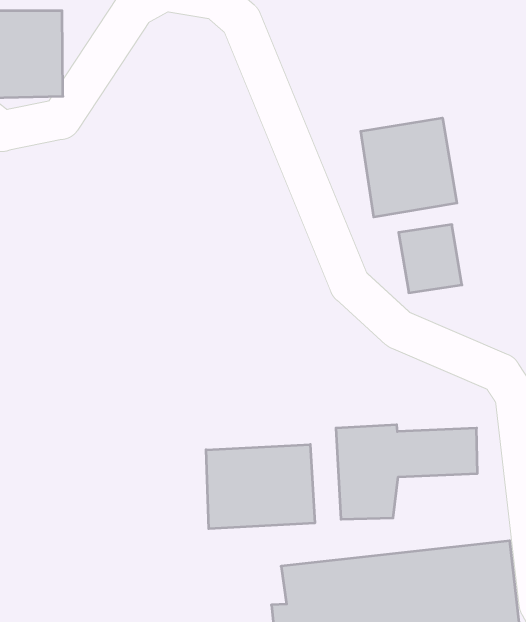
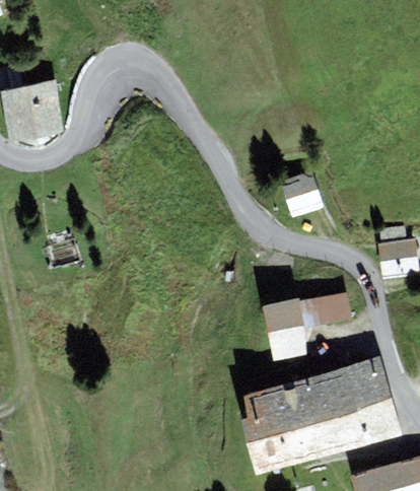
building: [361,118,457,217] -> none
building: [206,444,315,529] -> none

